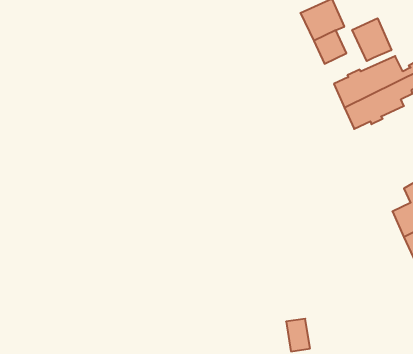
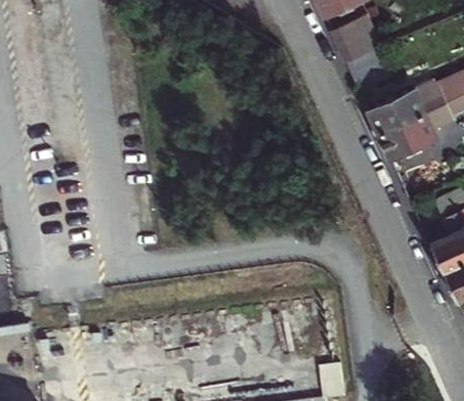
building: [352,18,391,61] -> none

